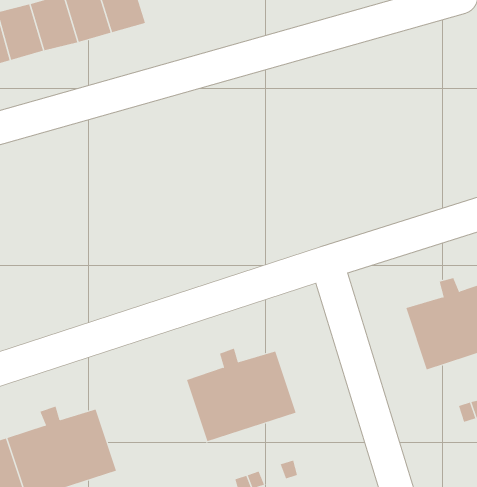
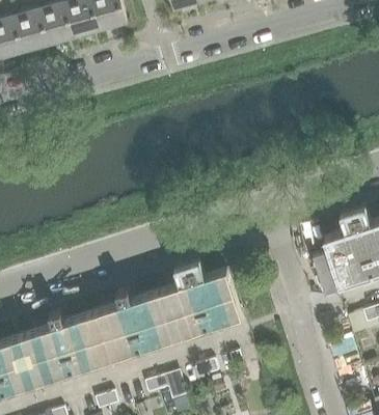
building: none -> [89,288,172,359]

